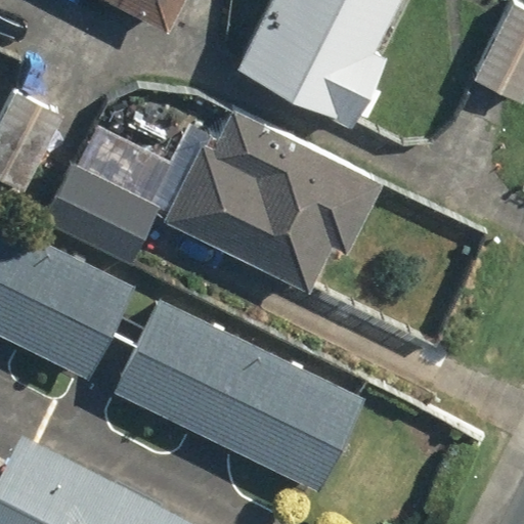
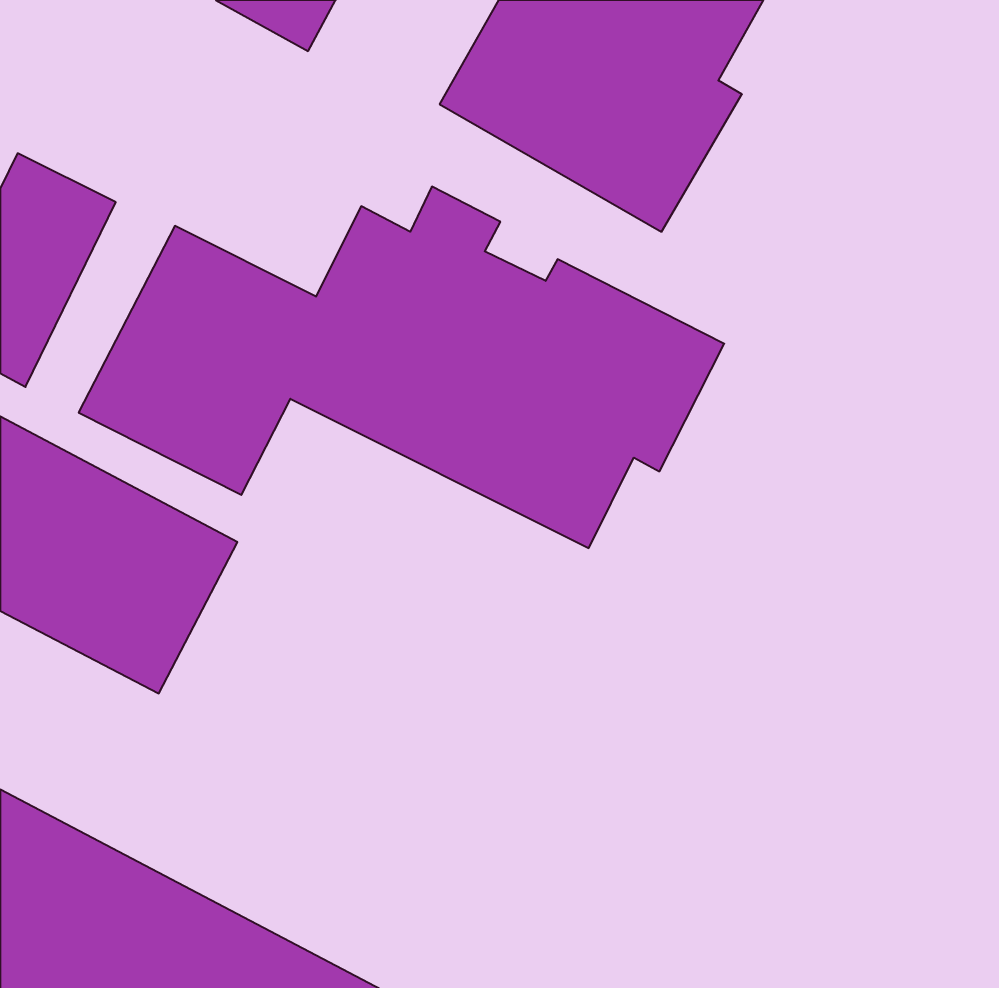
building: [118,304,357,487] -> none

